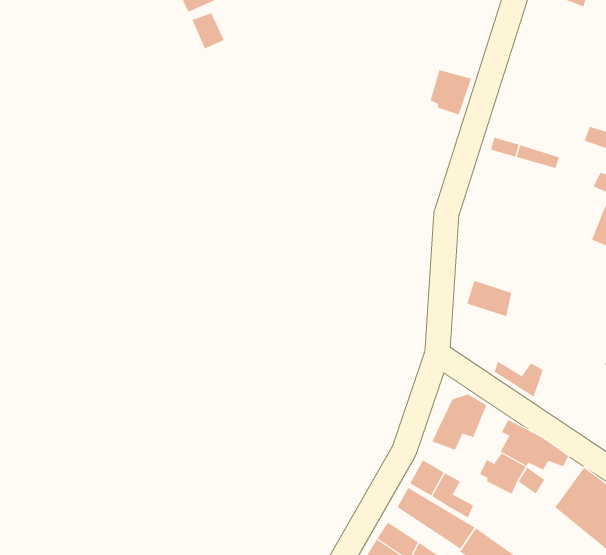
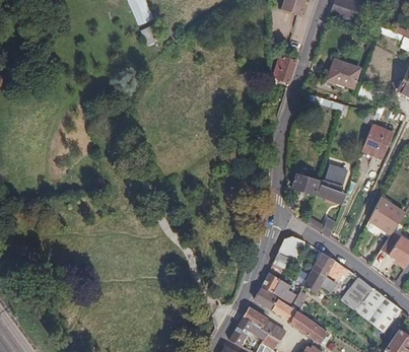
building: none -> [323,60,359,89]
building: none -> [317,165,347,204]

